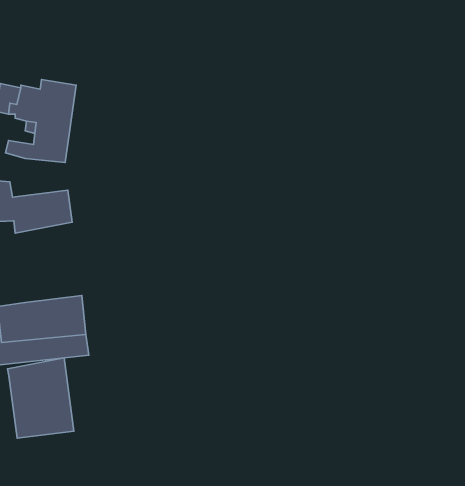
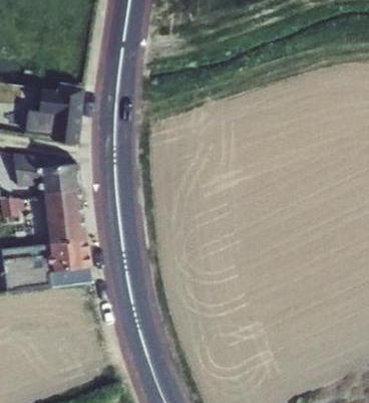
building: [7,358,74,438] -> [38,184,86,242]

